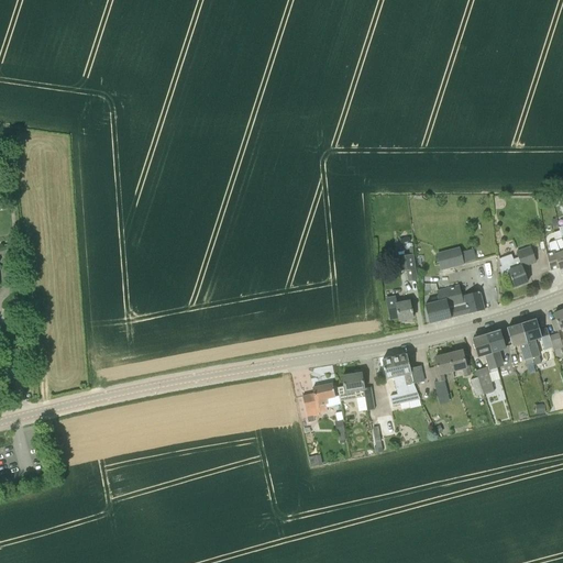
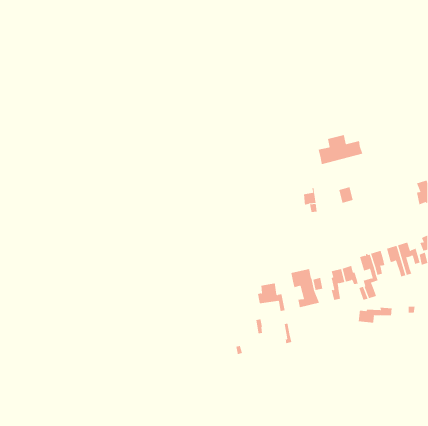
building: [499,245,536,285] -> none
building: [424,283,484,322] -> [318,135,363,165]
building: [386,295,412,319] -> none
building: [302,382,341,416] -> none
building: none -> [358,307,392,323]

